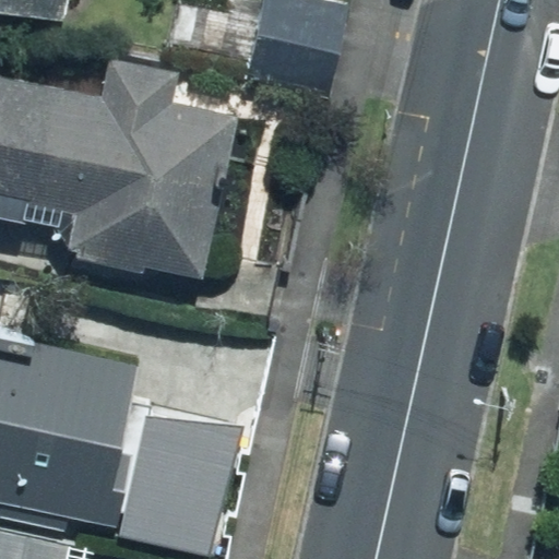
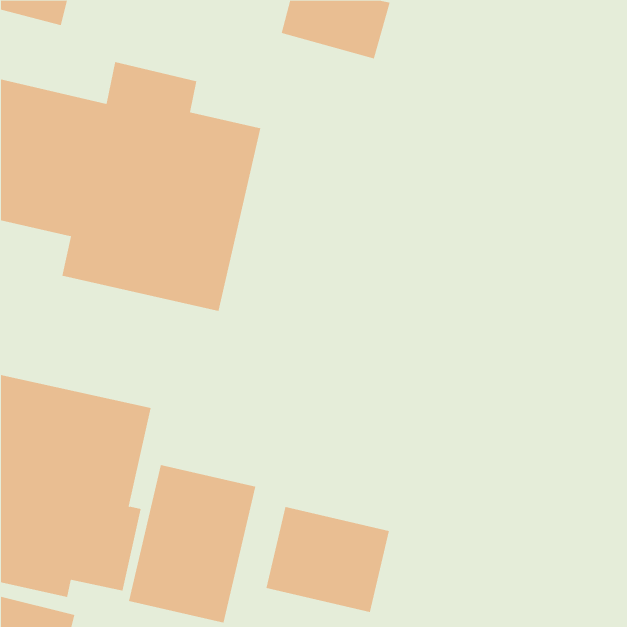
building: none -> [266,506,390,613]

